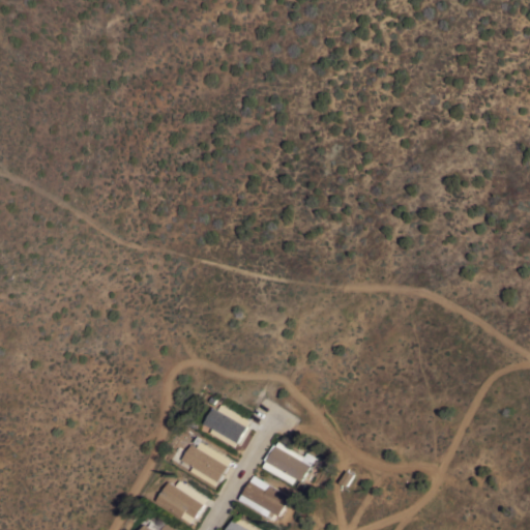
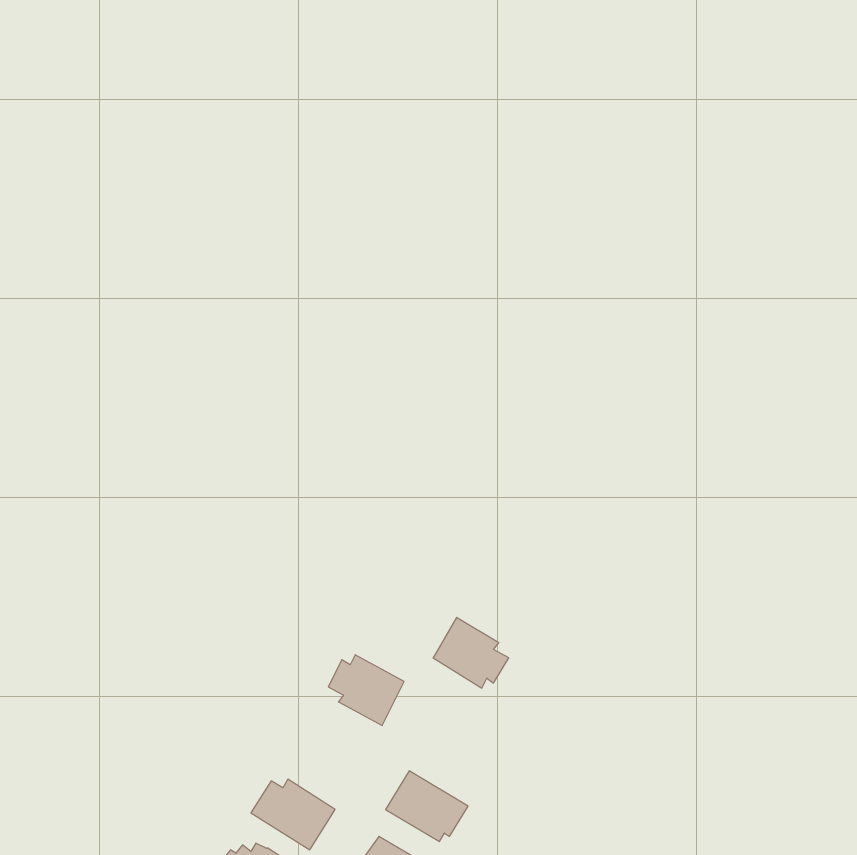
building: [179,438,230,488] -> none
building: [262,443,308,487] -> [433,617,509,688]

